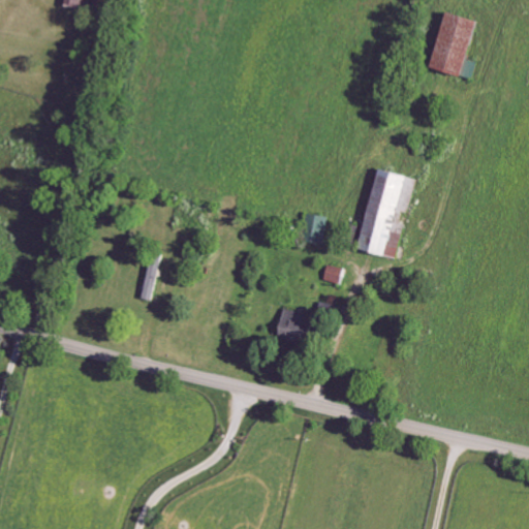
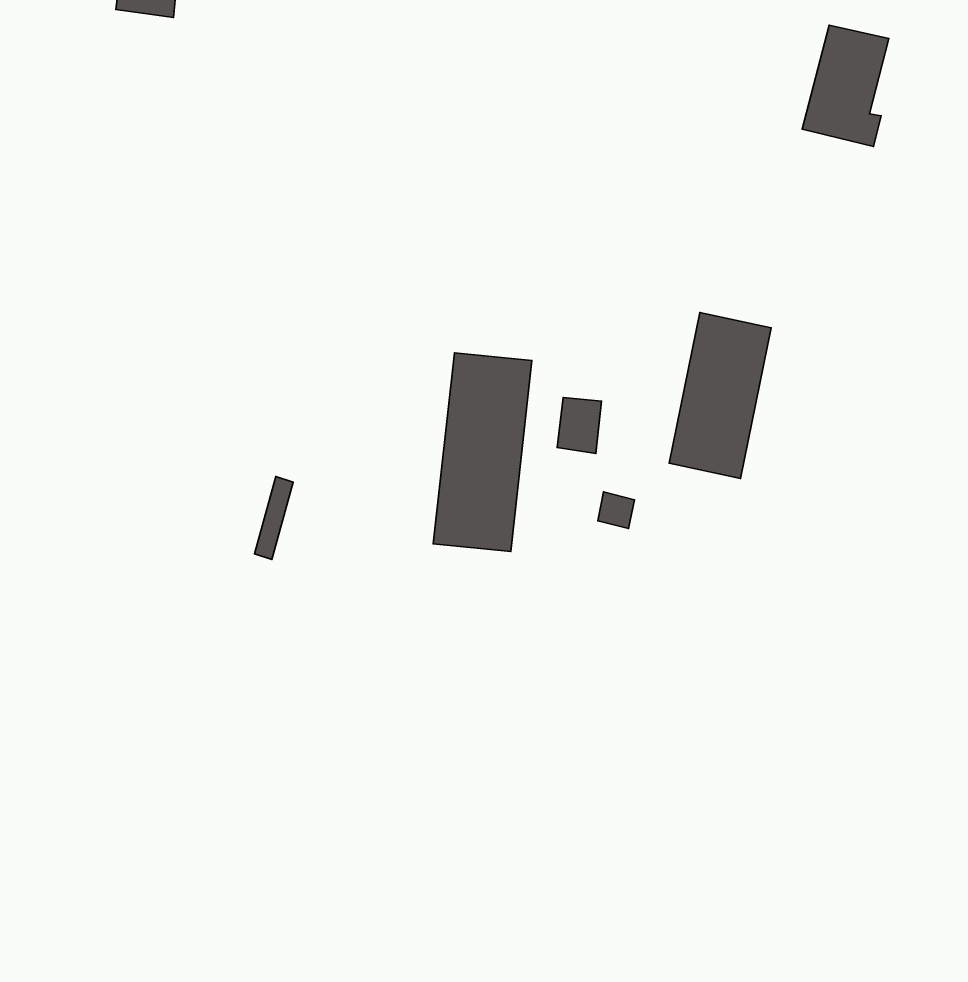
building: none -> [433,353,532,551]
building: [274,307,312,345] -> none

